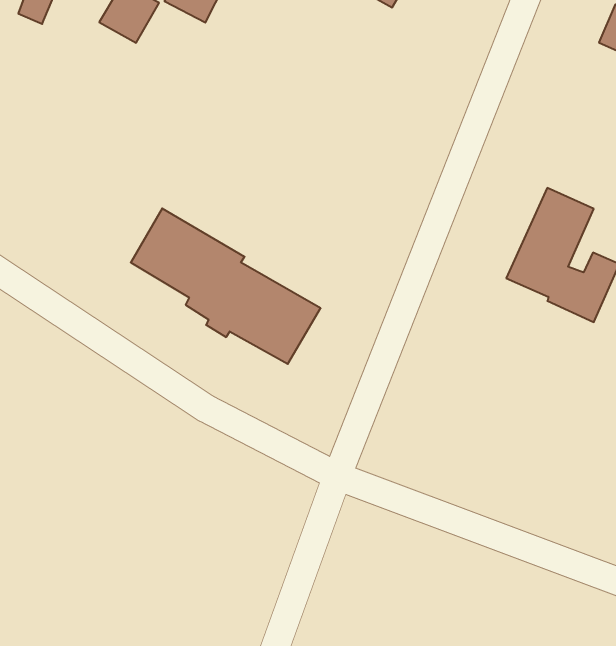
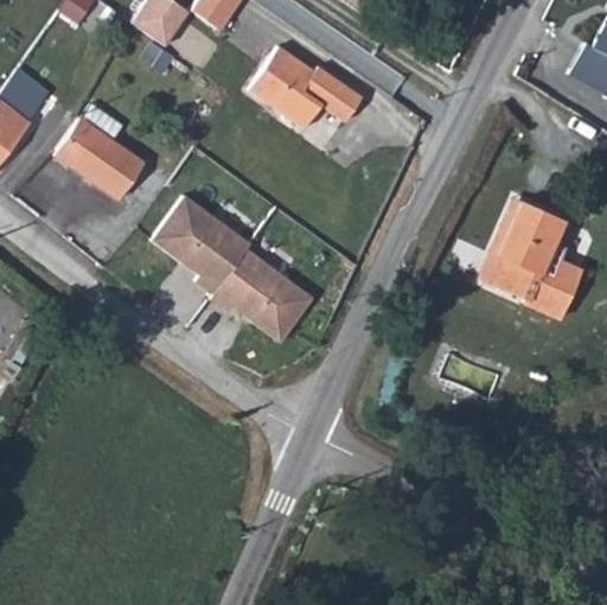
building: none -> [254,49,366,129]
building: none -> [47,98,141,199]

